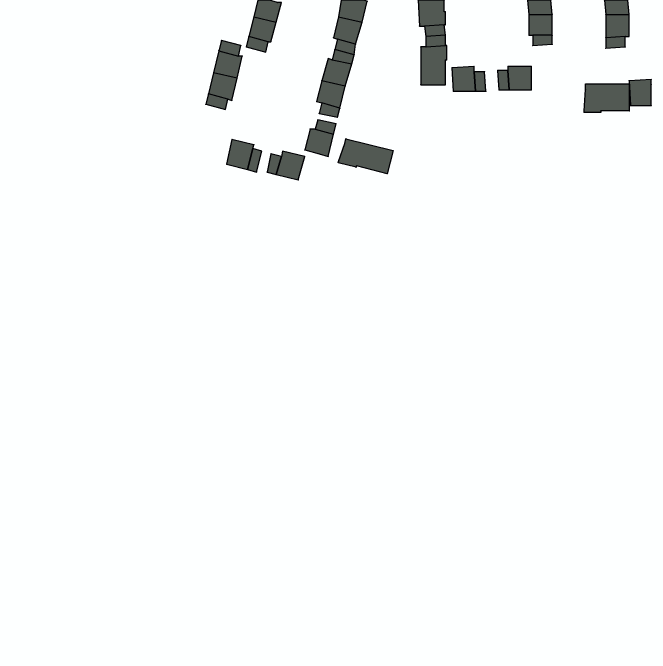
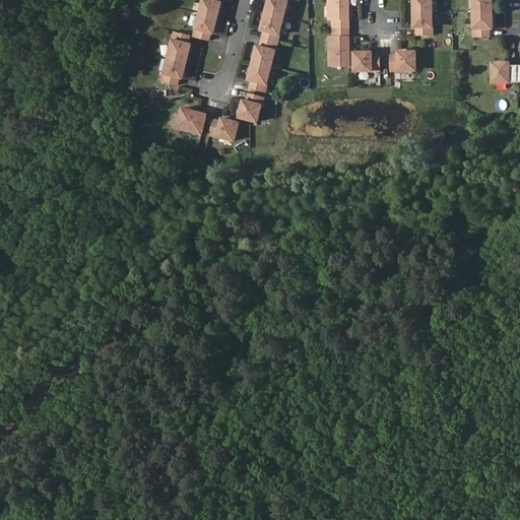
building: [584,84,629,112] -> none
building: [338,139,393,174] -> none

